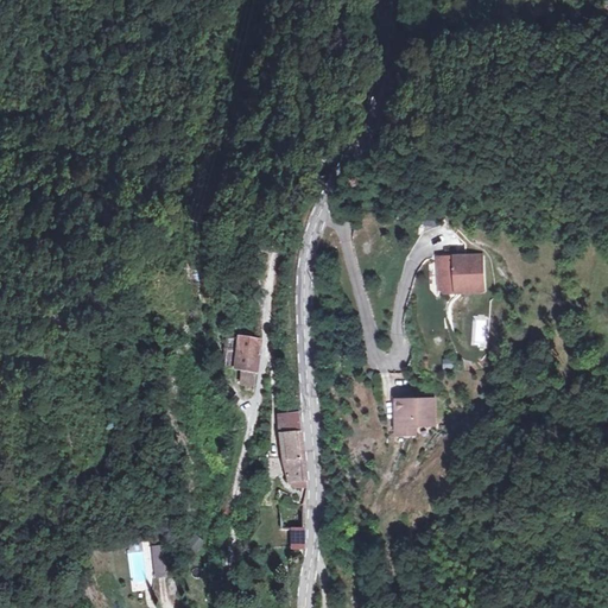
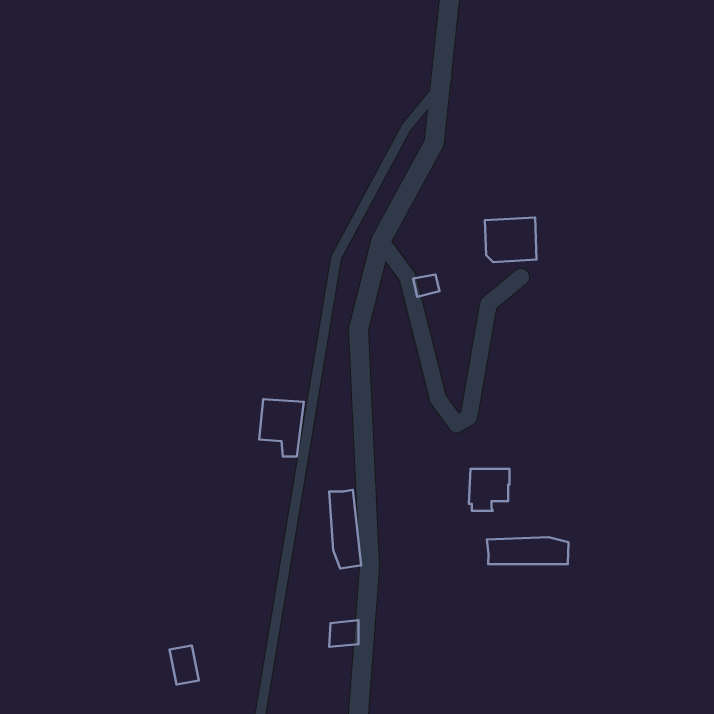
building: [439,254,483,292] -> [485,217,537,262]
building: none -> [487,537,568,564]

